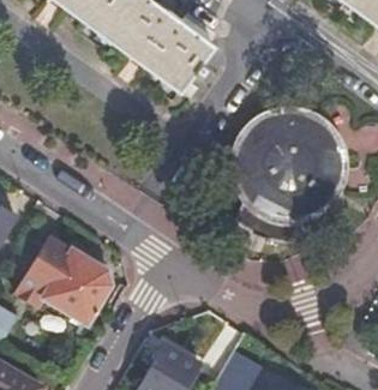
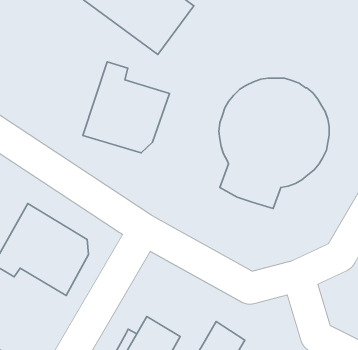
building: none -> [83,62,170,153]

